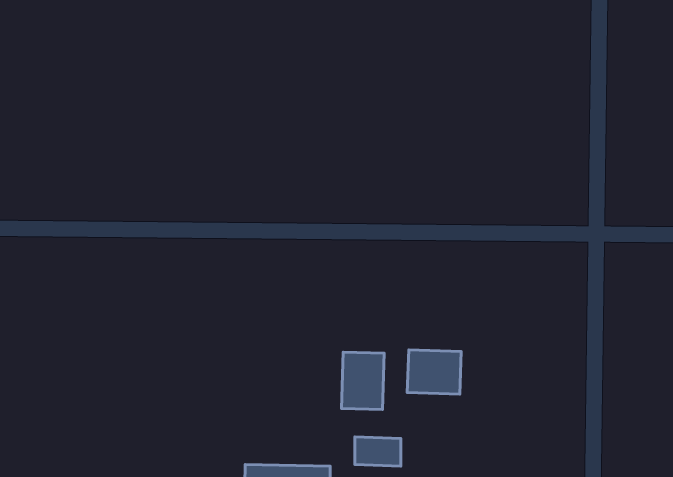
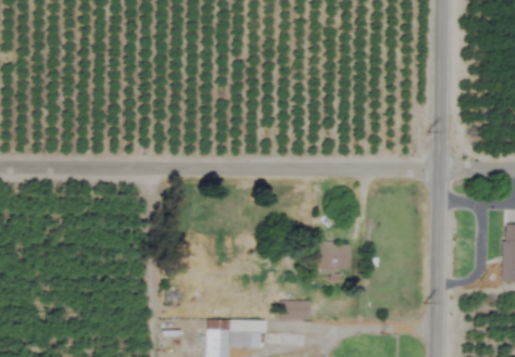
building: [342,352,384,409] -> none

